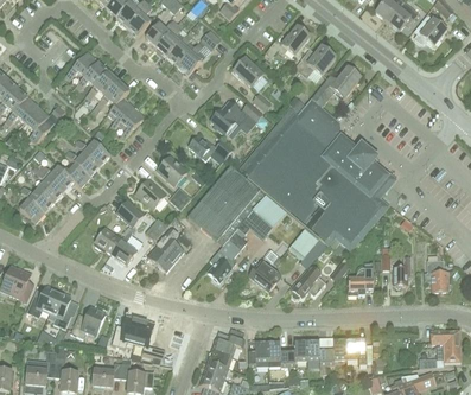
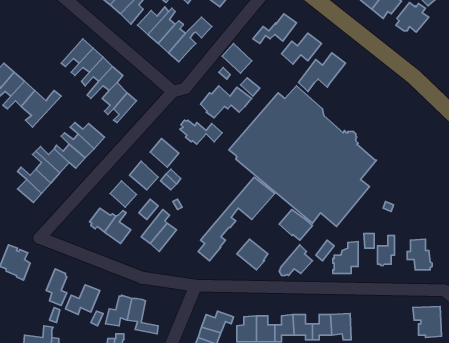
building: [189,165,266,244] -> none
building: [27,283,59,317] -> none

